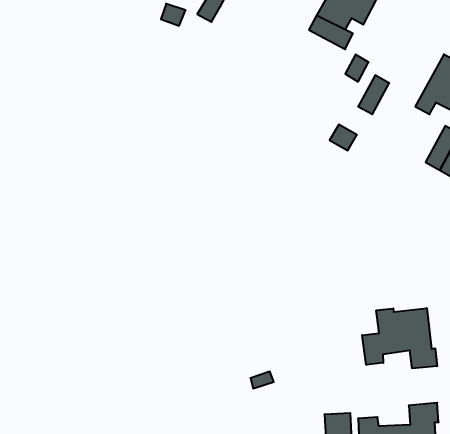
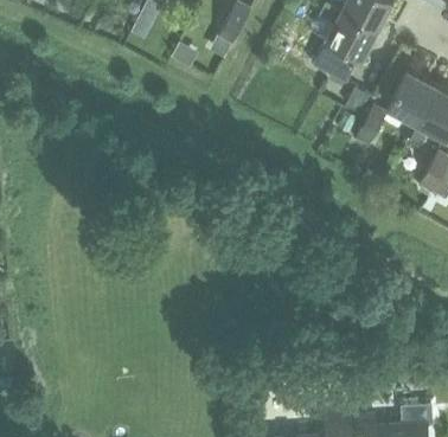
building: none -> [386,71,435,134]
building: [362,308,437,368] -> none

